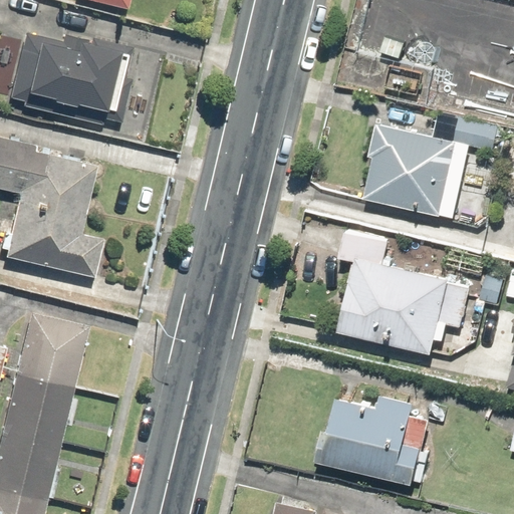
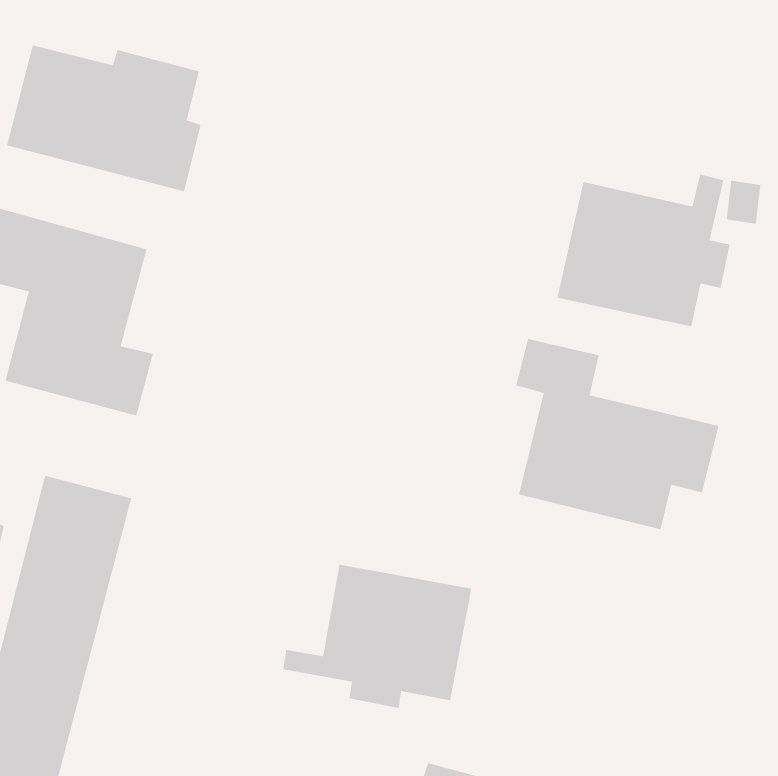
building: none -> [283,564,472,709]
building: [320,394,429,485] -> none

